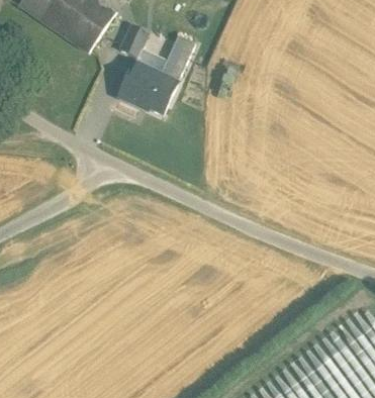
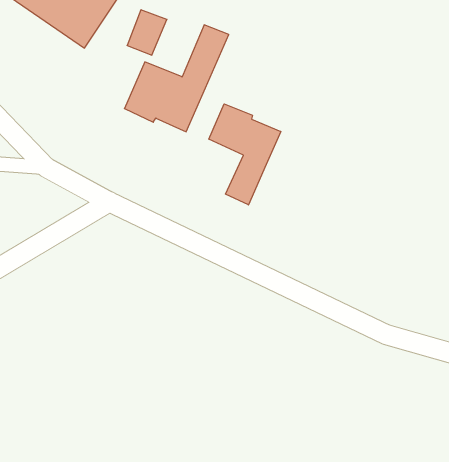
building: none -> [209,104,281,205]

